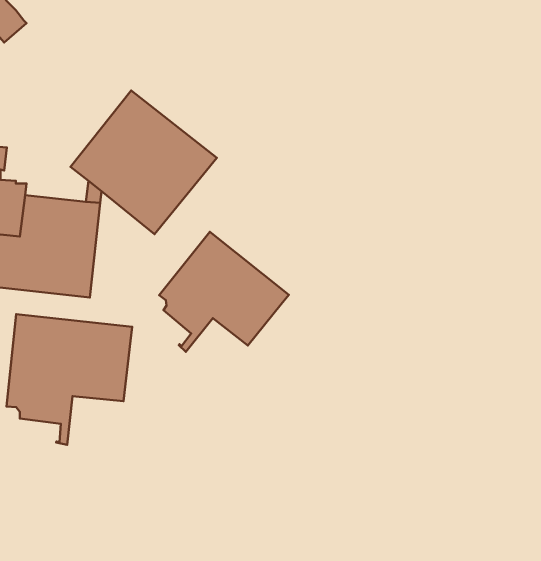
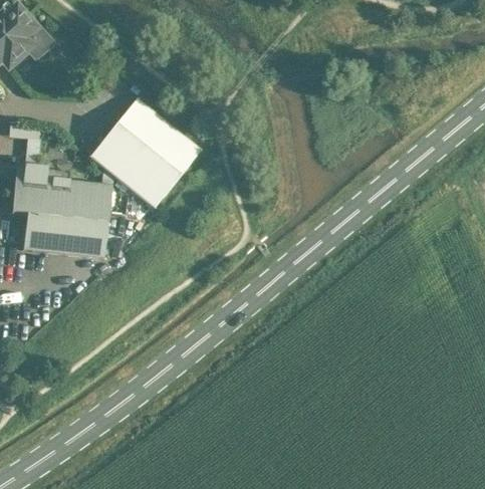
building: [159,232,289,352] -> none
building: [6,314,132,445] -> none

